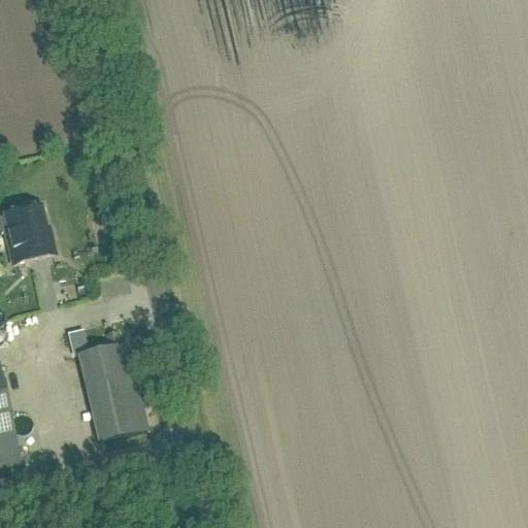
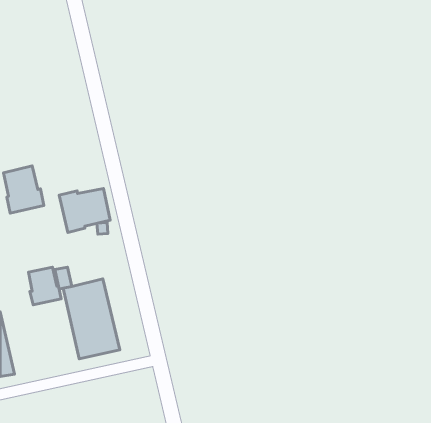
building: none -> [59,188,110,232]
building: none -> [28,267,61,305]

